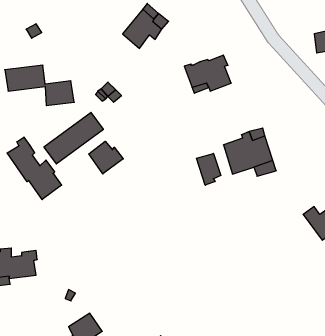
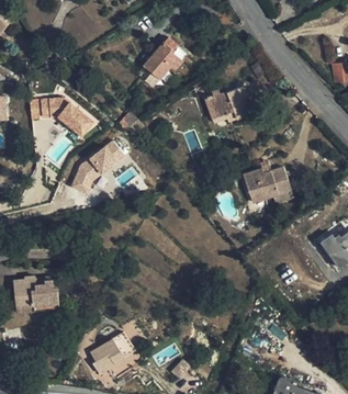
building: [7,137,62,200] -> none
building: [89,141,123,174] -> none
building: [197,153,221,185] -> none

